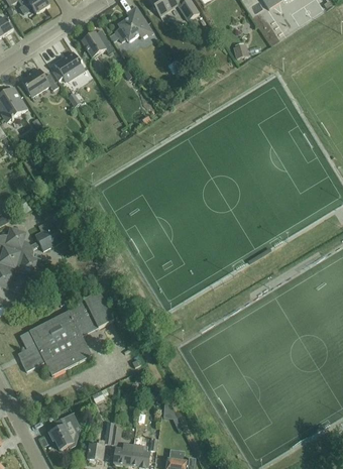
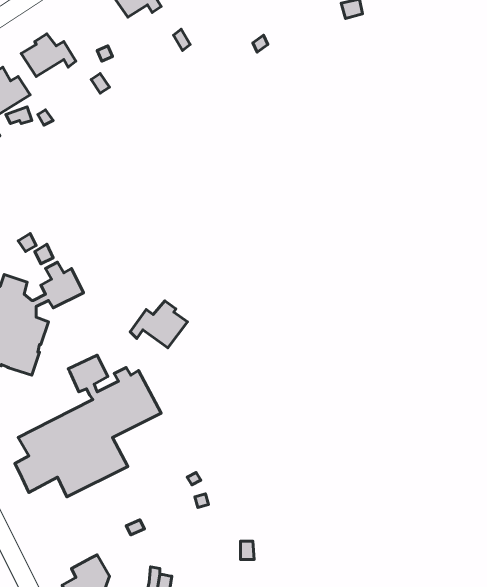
building: [52,51,84,81] -> none
building: none -> [130,301,188,348]

